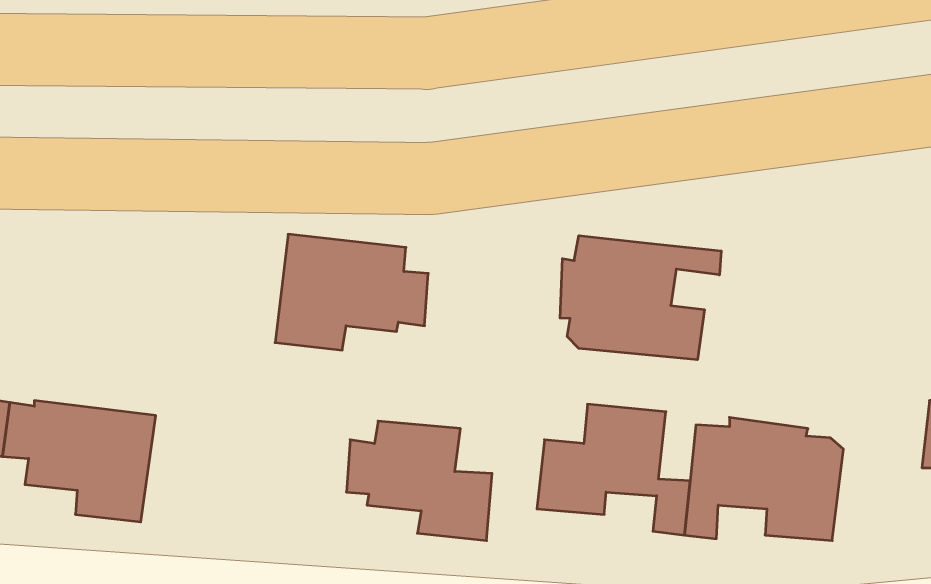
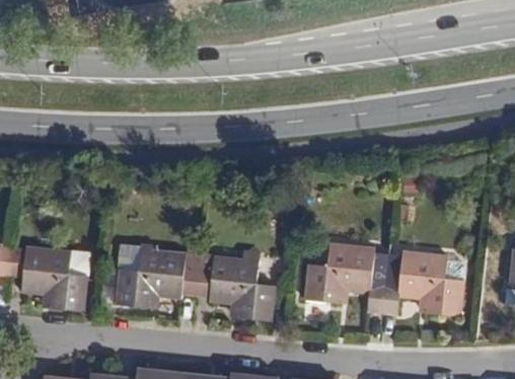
building: [275,234,428,350] -> [114,245,197,308]
building: [560,236,721,360] -> none

